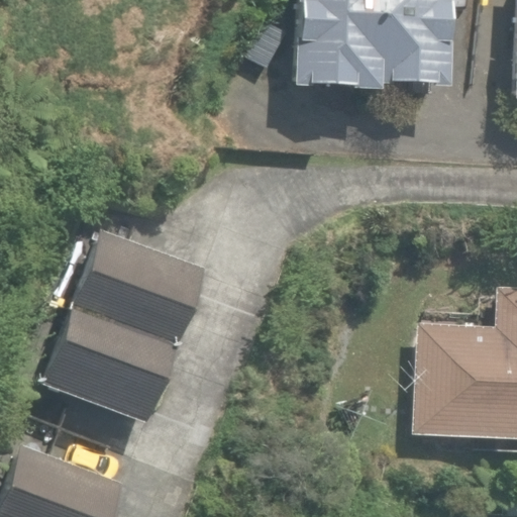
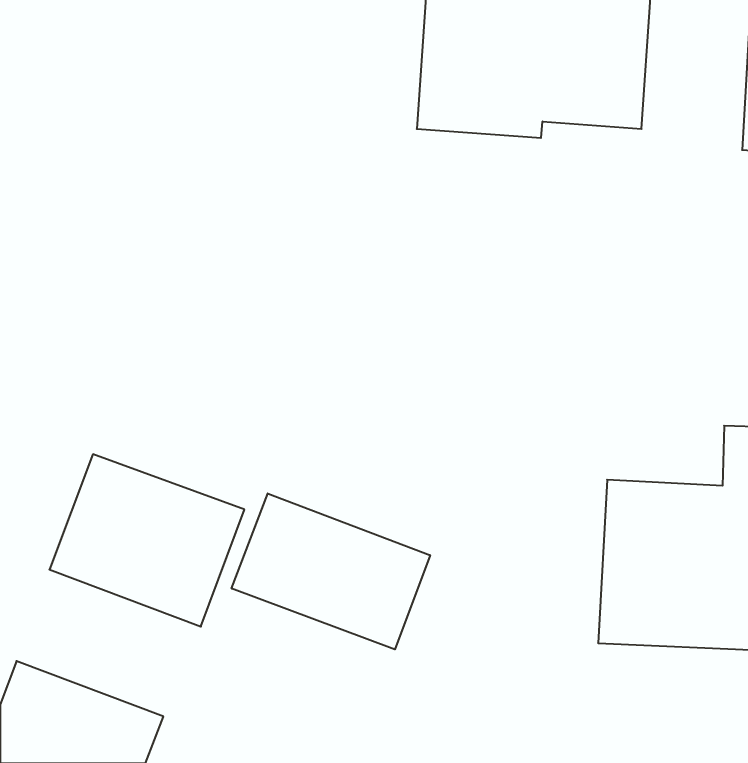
building: [75,230,205,343] -> none
building: none -> [232,493,430,649]

